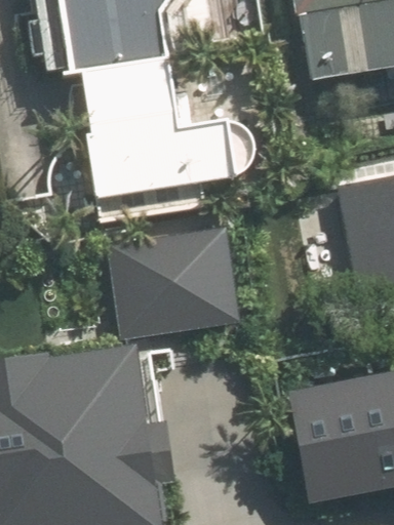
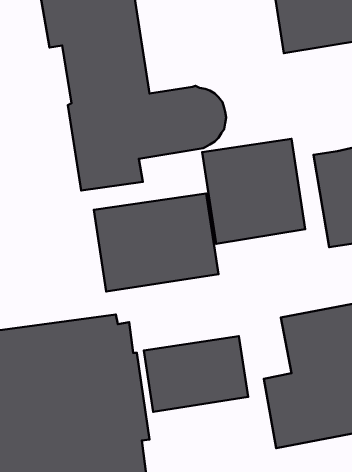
building: none -> [202,139,305,244]
building: none -> [144,336,248,412]

